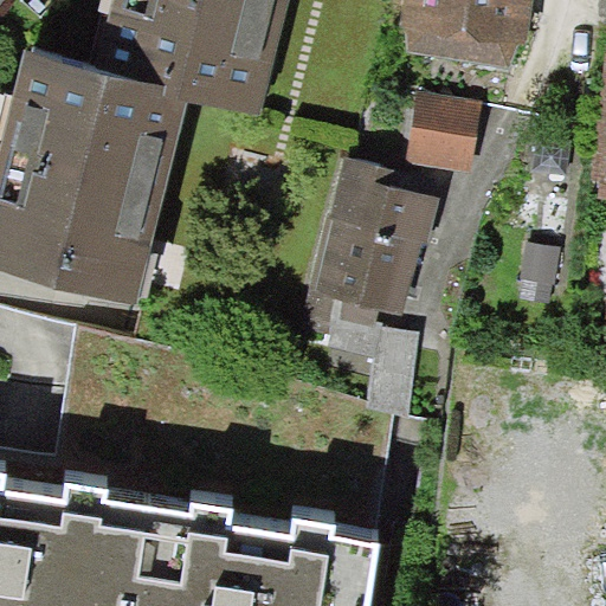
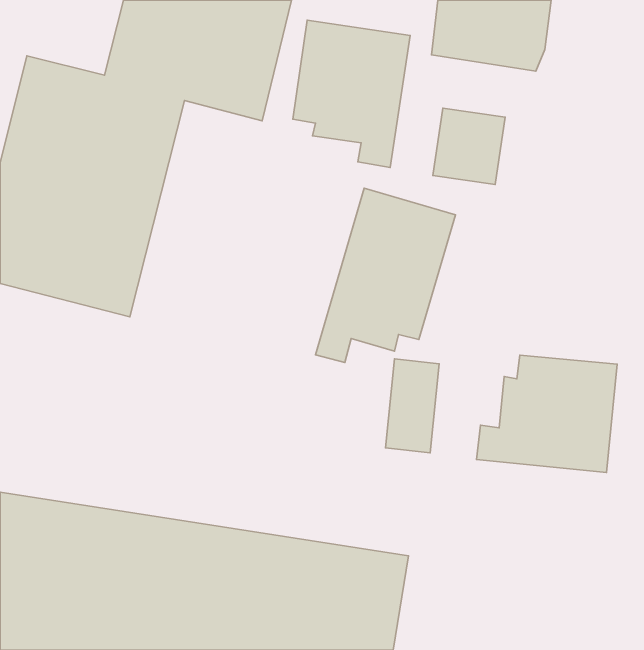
building: none -> [293,20,410,167]
building: none -> [477,355,617,472]

